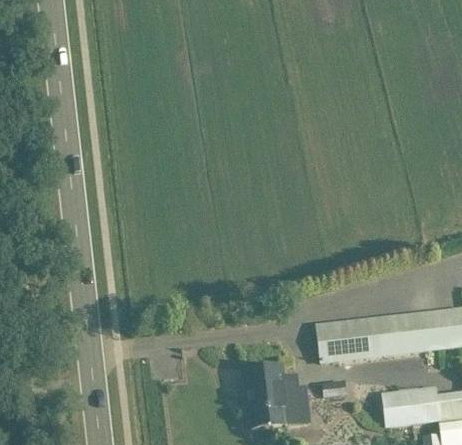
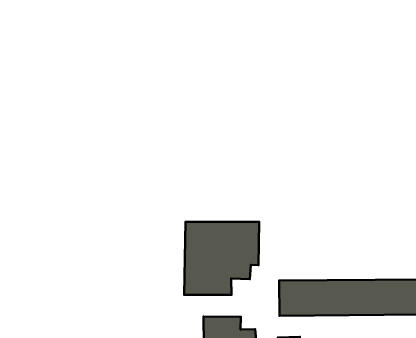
building: none -> [184,222,259,295]

